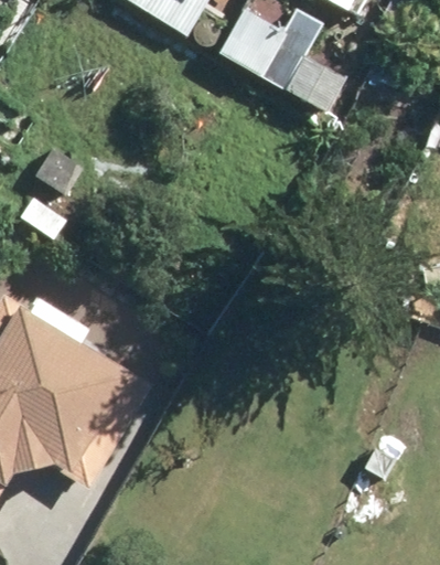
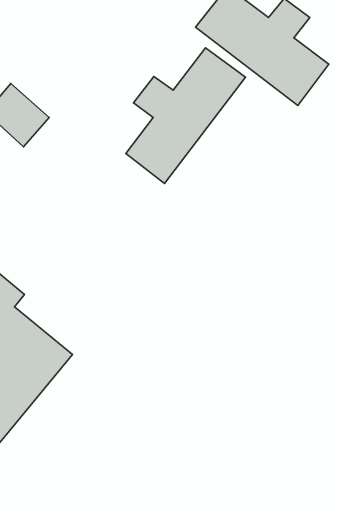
building: none -> [126,48,245,183]

